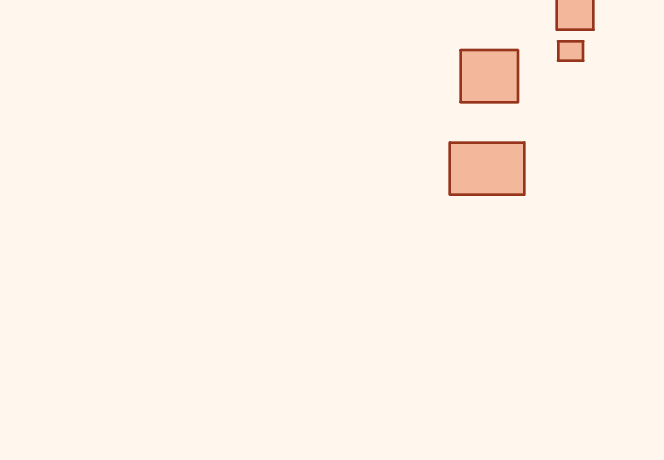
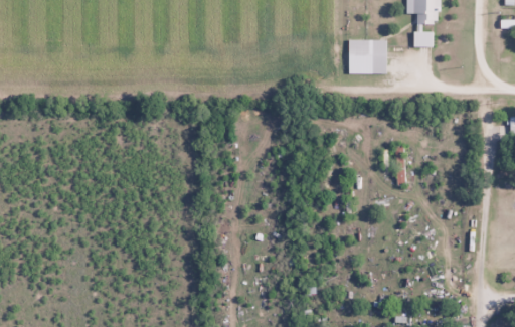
building: [450,142,524,195] -> none

